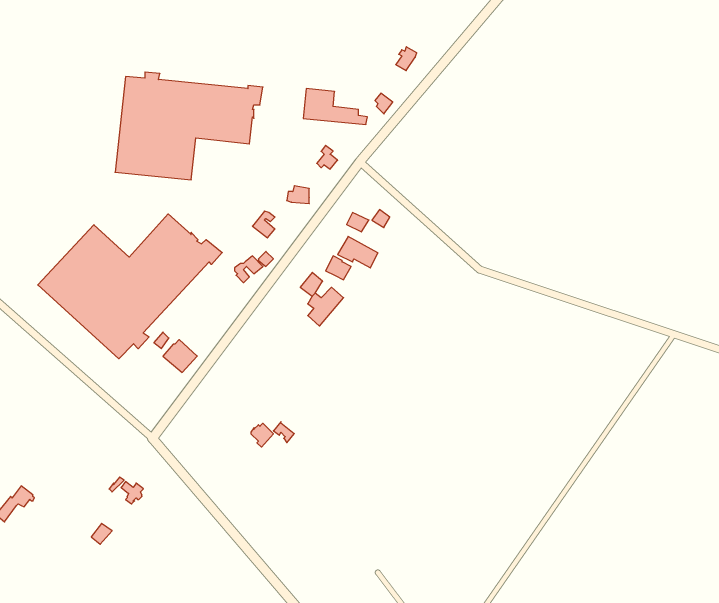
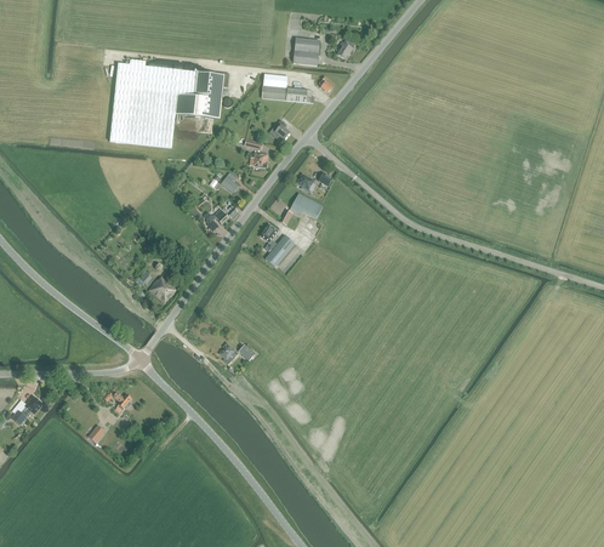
building: none -> [292,38,320,65]
building: [38,214,222,359] -> none

